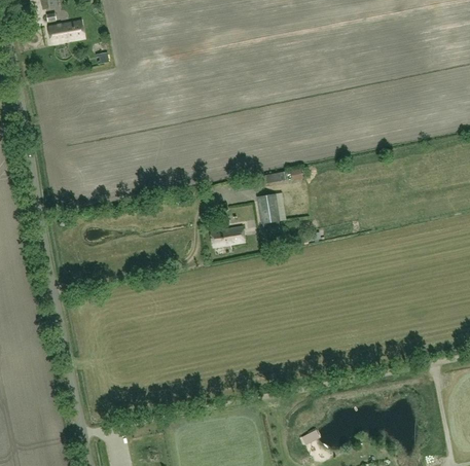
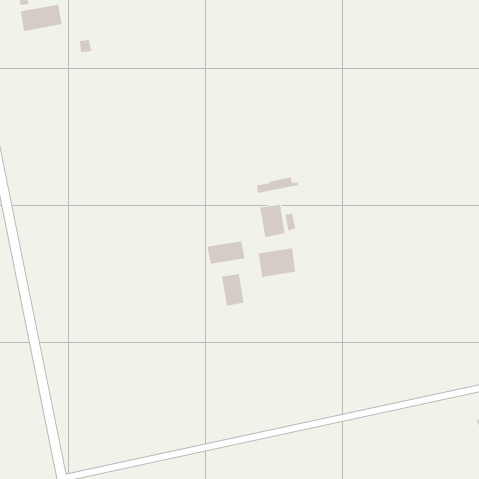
building: none -> [258,248,296,278]
building: none -> [221,273,244,306]

